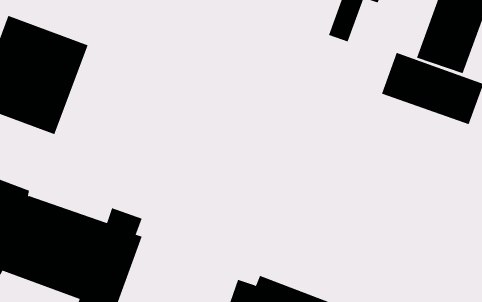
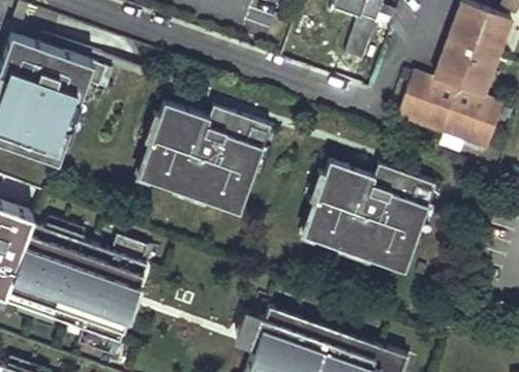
building: none -> [136,100,270,207]
building: none -> [300,156,436,269]

